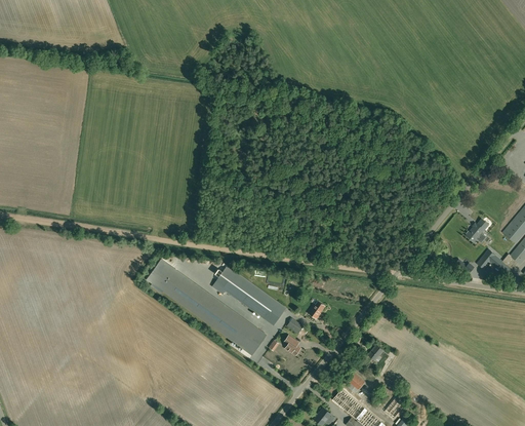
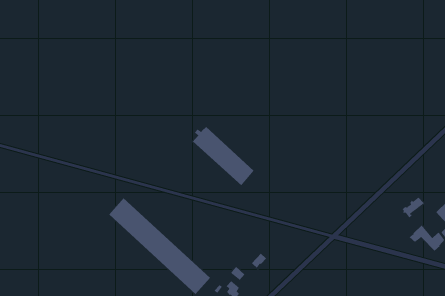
building: [214,266,286,326] -> [192,126,255,186]

